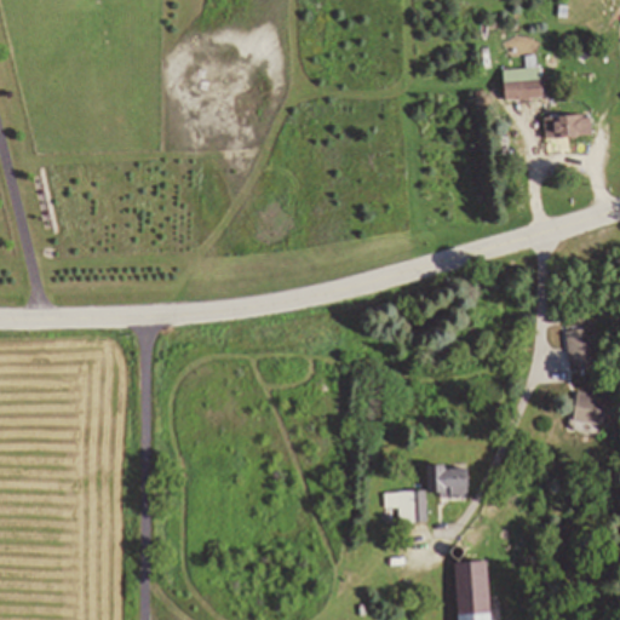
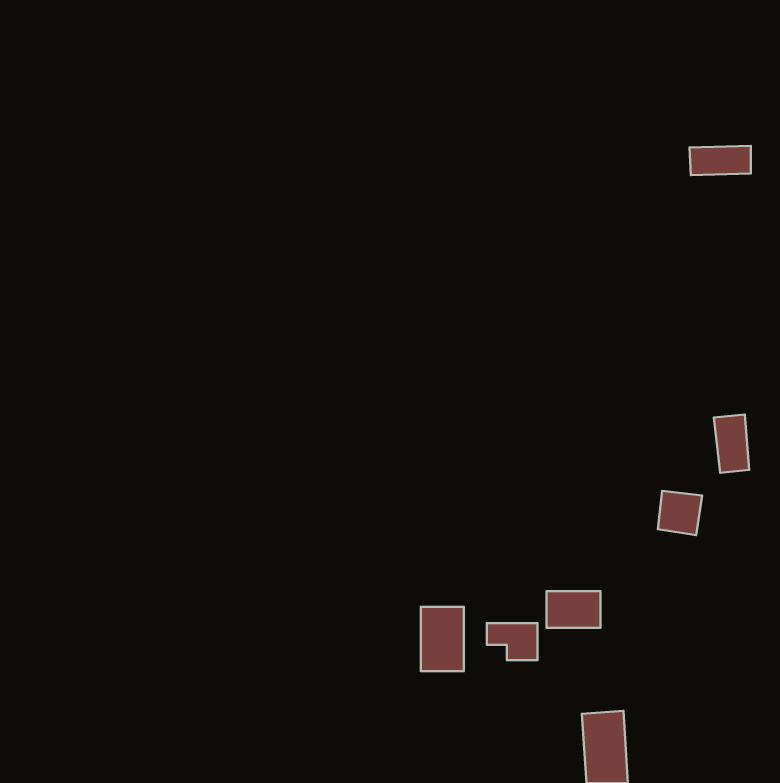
building: [501,67,546,101] -> none
building: [572,392,607,427] -> [658,491,702,535]
building: none -> [421,607,464,671]

